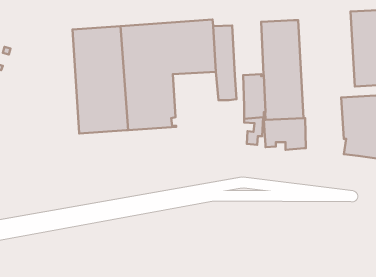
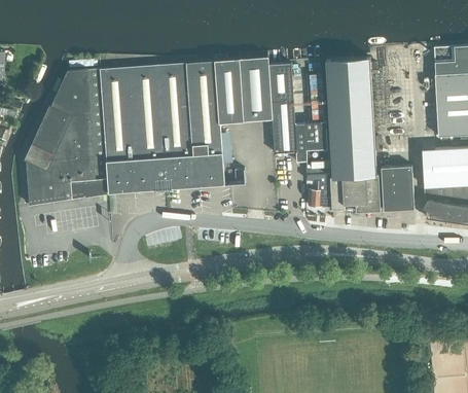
building: none -> [25,68,108,205]
building: none -> [381,166,413,210]

